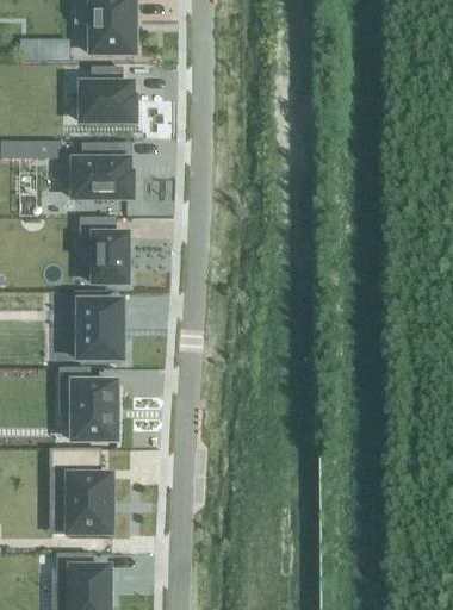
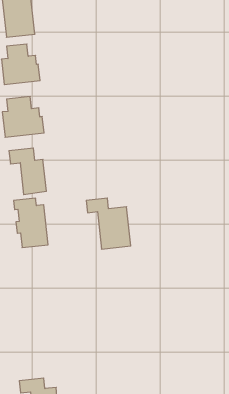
building: [58,368,116,441] -> [86,198,131,249]
building: [50,449,112,534] -> none

